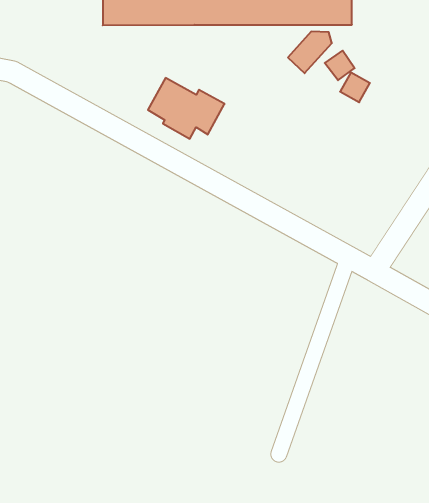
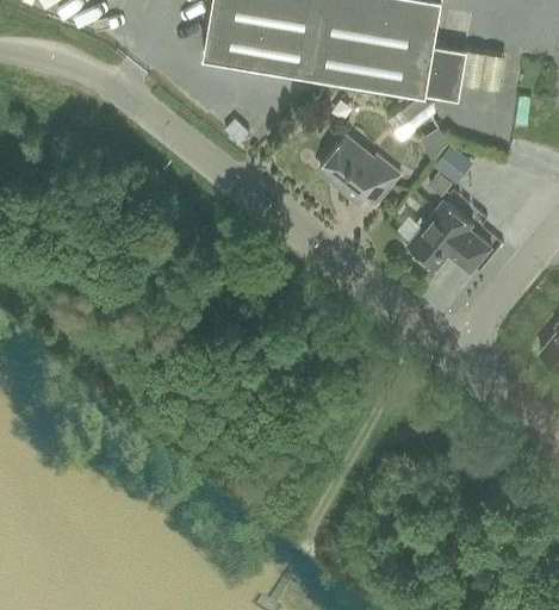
building: [148,78,225,139] -> [319,138,399,205]
building: none -> [408,201,491,274]

